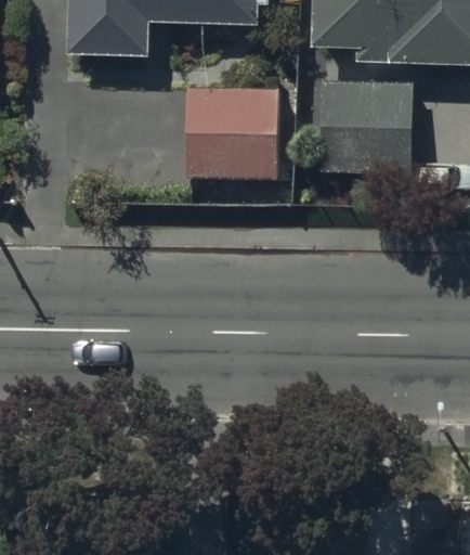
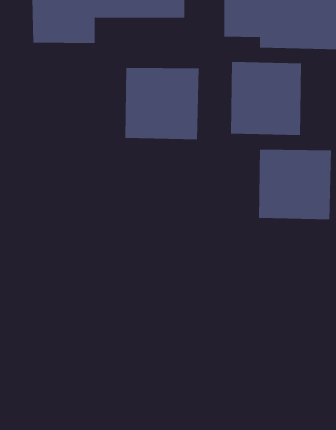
building: none -> [259,149,331,220]

